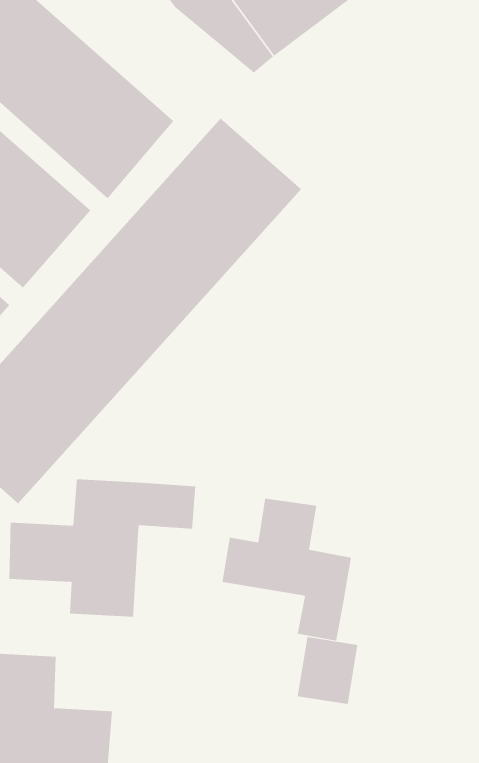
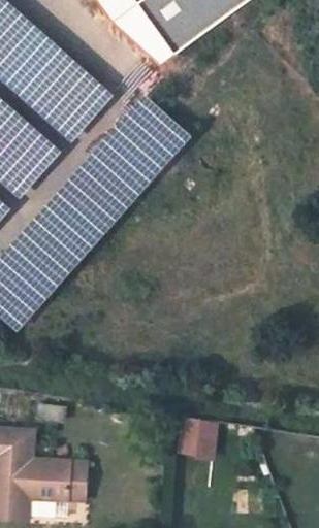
building: [9,479,196,618] -> none
building: [222,498,351,641] -> none

